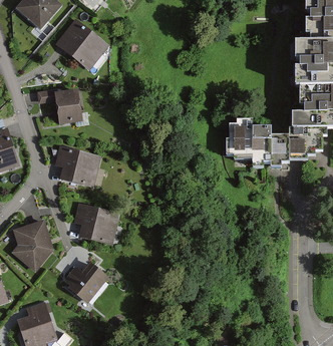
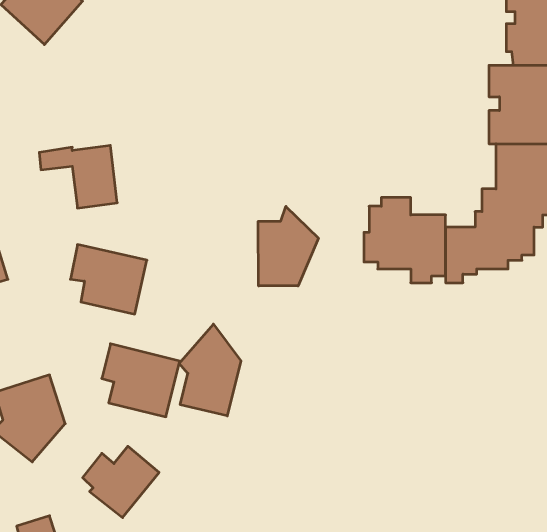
building: [55,18,108,69] -> none
building: none -> [258,206,318,286]
building: none -> [179,324,241,416]

